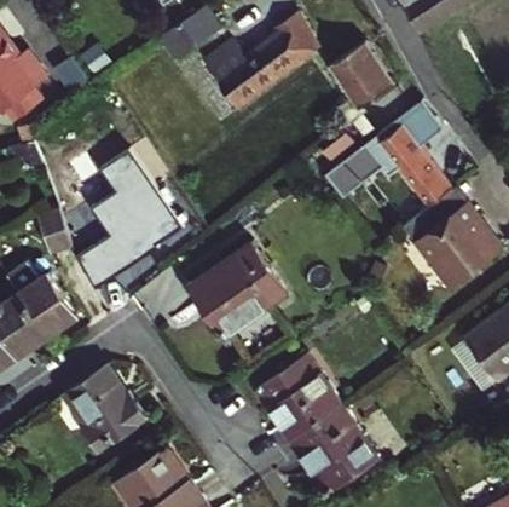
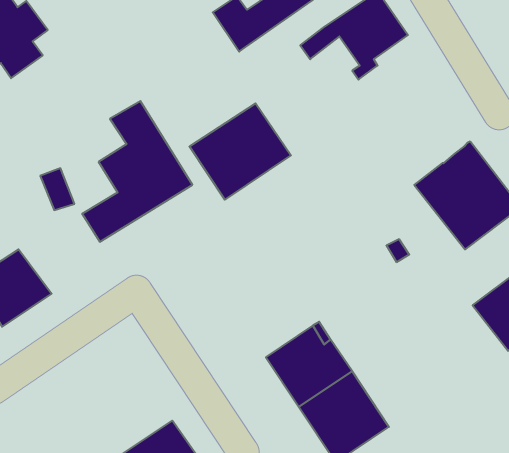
building: [324,99,447,206] -> none
building: [192,243,289,335] -> [189,103,291,200]
building: [10,260,77,330] -> none
building: [64,367,146,450] -> none

